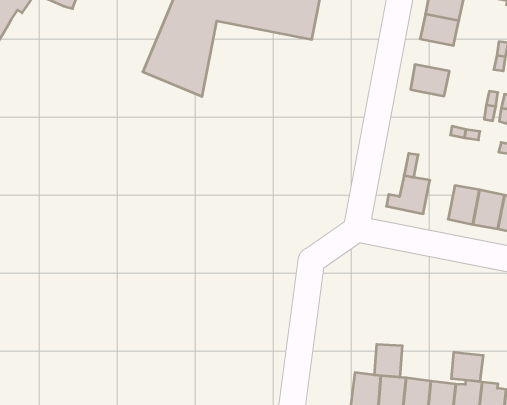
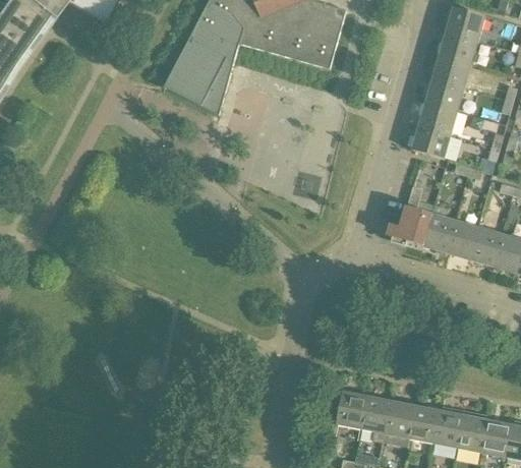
building: none -> [425,76,464,110]
building: none -> [412,124,451,158]
building: none -> [421,213,454,251]
building: [375,344,402,377] -> none
building: [451,352,483,382] -> none

